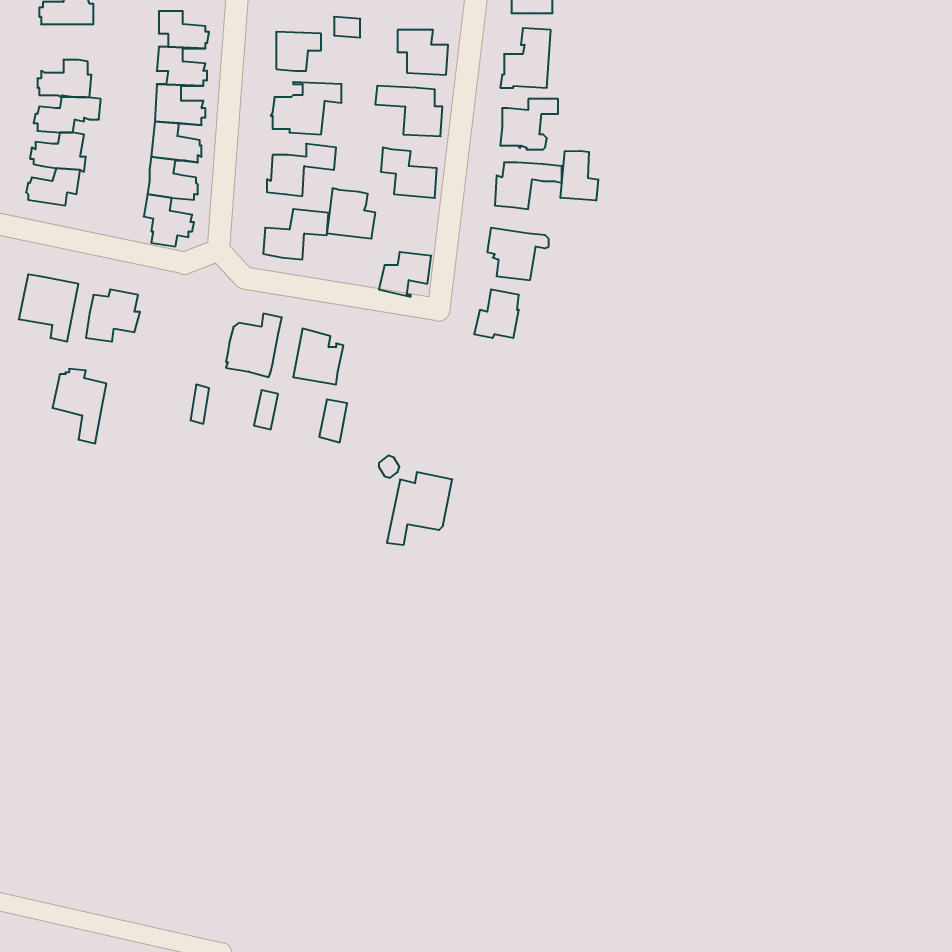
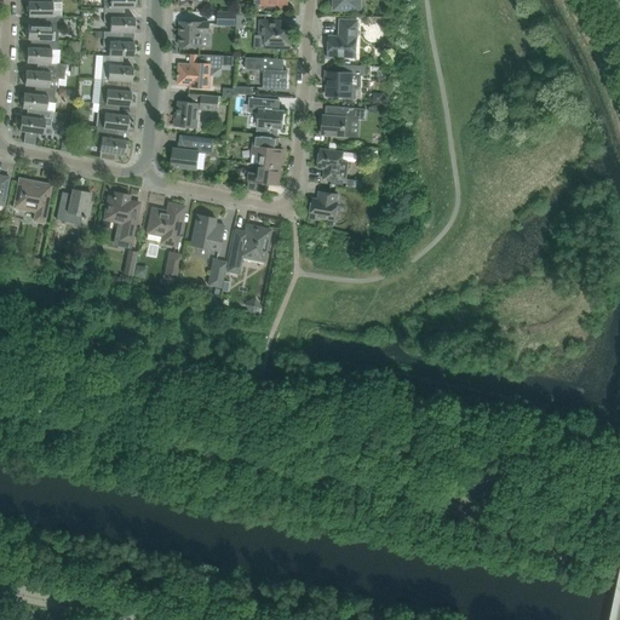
building: none -> [24,16,58,39]
building: [560,151,598,201] -> none
building: [327,188,375,239] -> [251,133,282,166]
building: [52,369,106,443] -> [103,193,138,241]
building: [387,472,452,545] -> [226,224,269,271]

